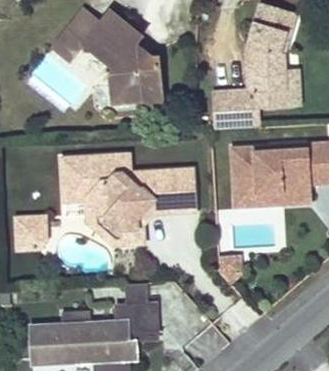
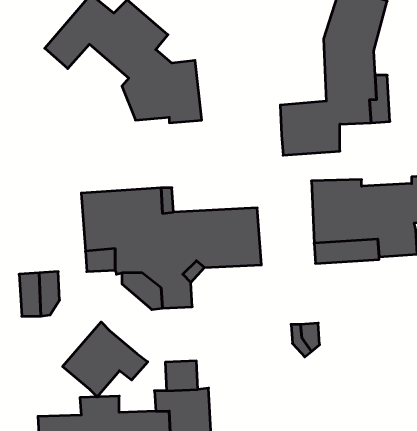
building: none -> [63,322,148,397]

